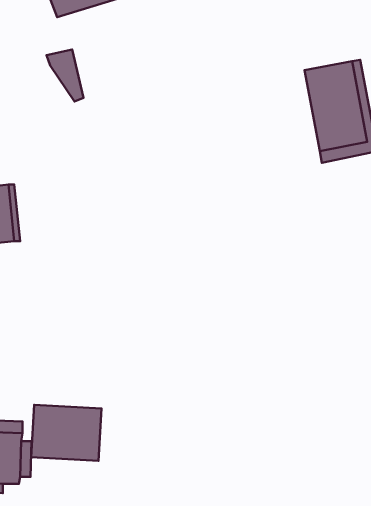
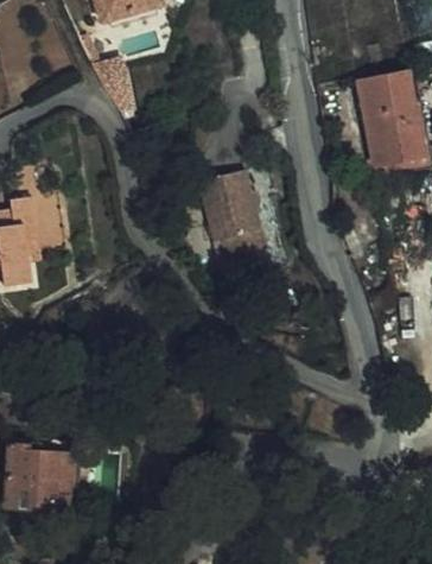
building: none -> [201,166,260,251]
building: [31,405,102,461] -> none

